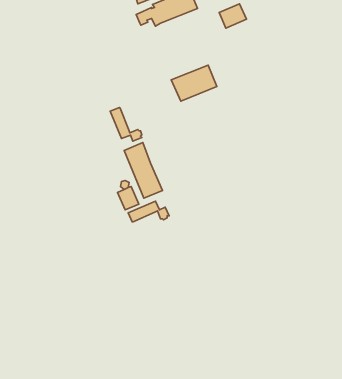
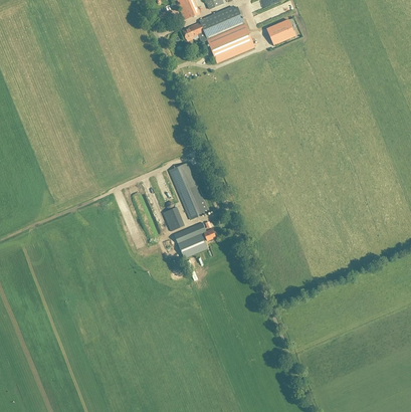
building: [171,65,217,101] -> [206,24,253,61]
building: [110,108,142,141] -> none
building: none -> [178,233,207,257]

